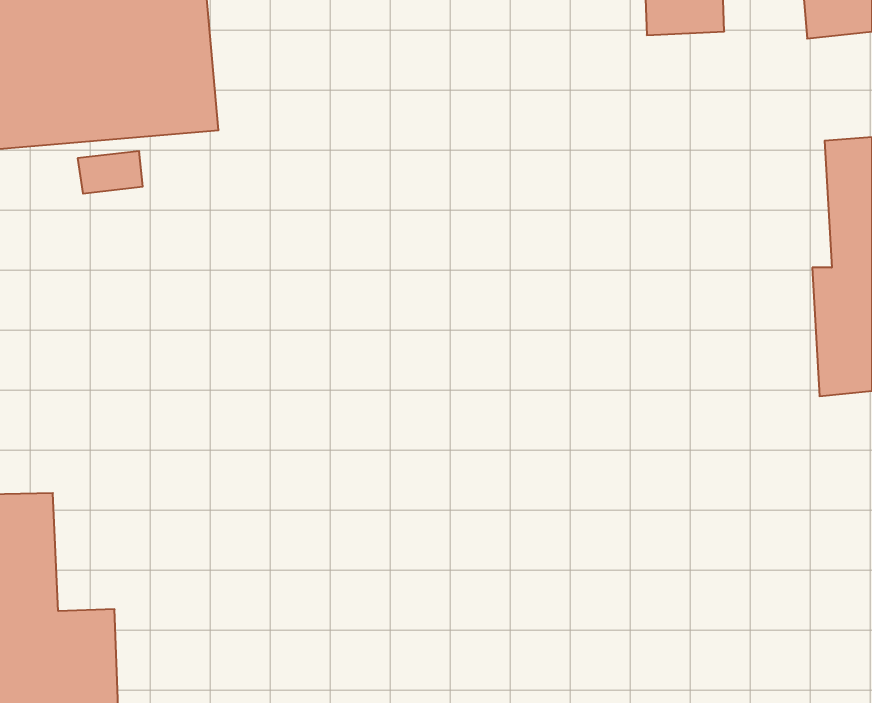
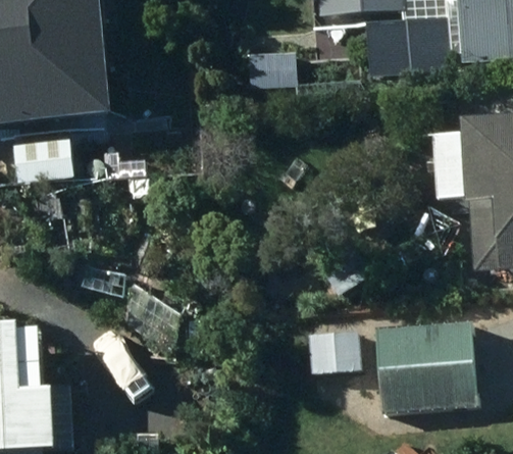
building: none -> [375,318,474,408]

